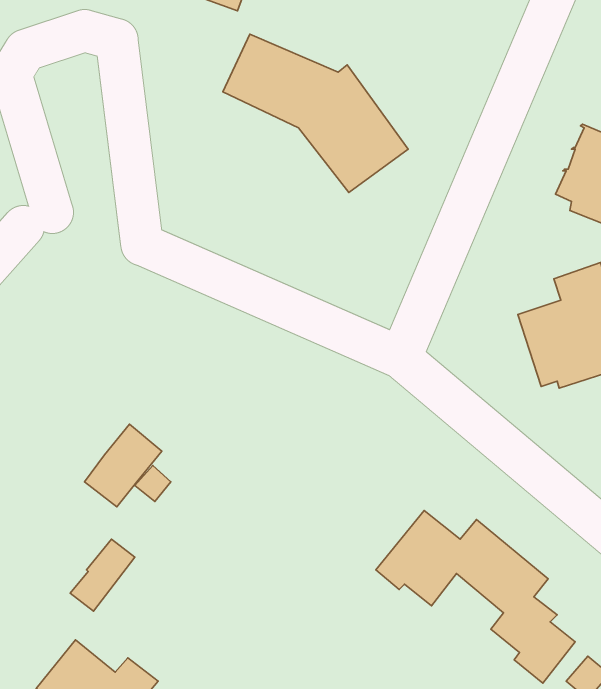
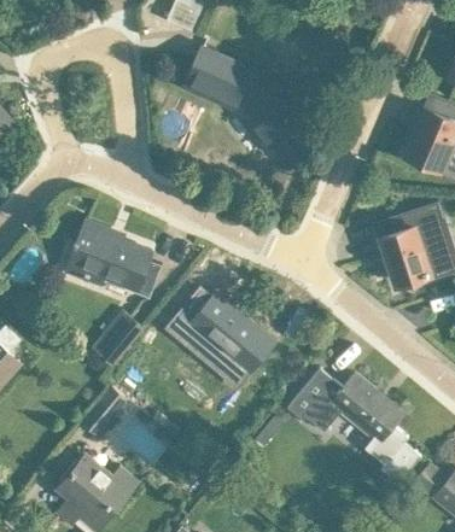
building: none -> [65,218,161,293]
building: none -> [169,290,273,382]

